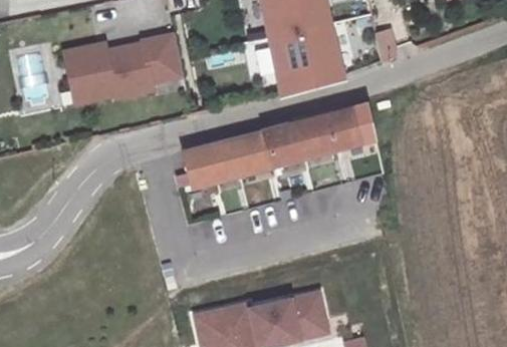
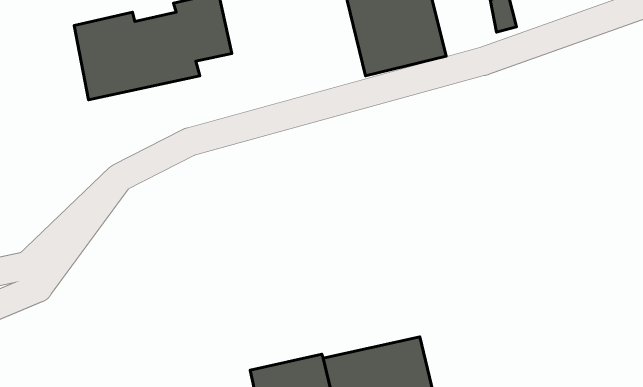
building: [185,107,374,188] -> none

